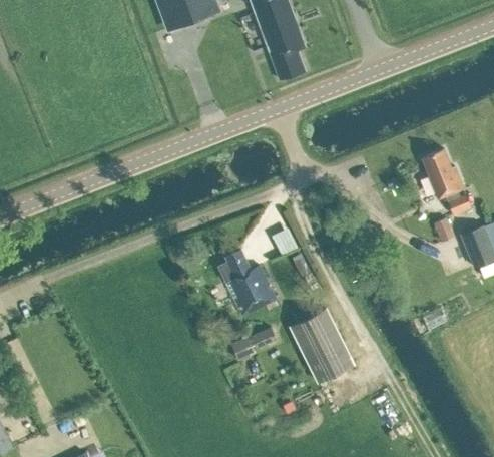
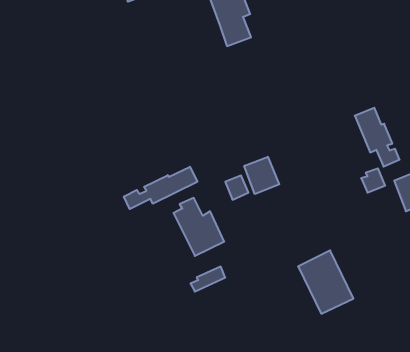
building: none -> [244,157,279,194]
building: none -> [124,167,197,209]
building: [291,310,353,381] -> [298,250,353,314]

